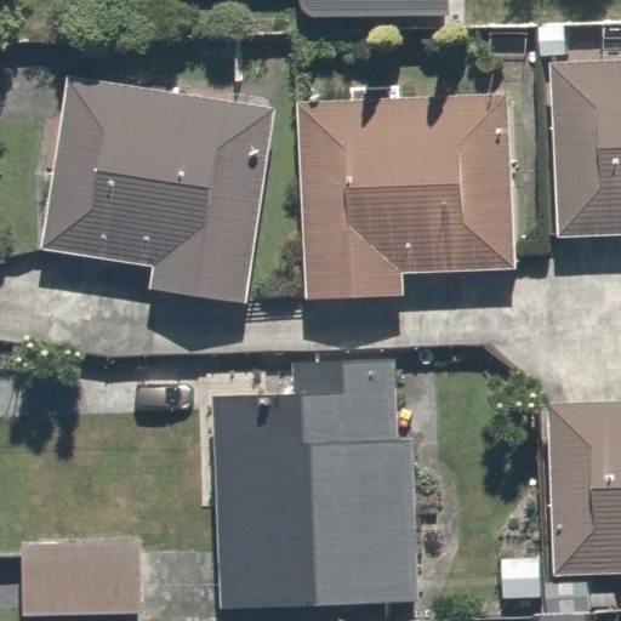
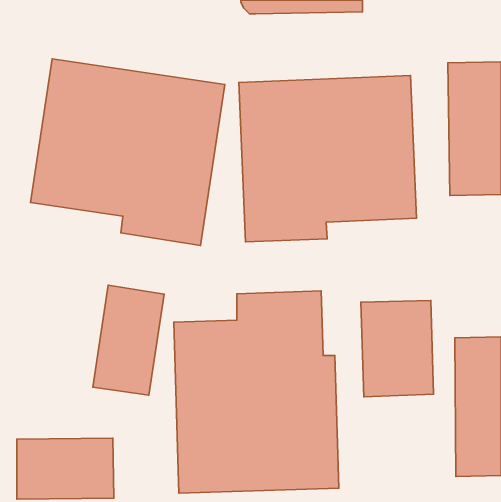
building: none -> [93,285,164,395]
building: none -> [361,301,434,397]

